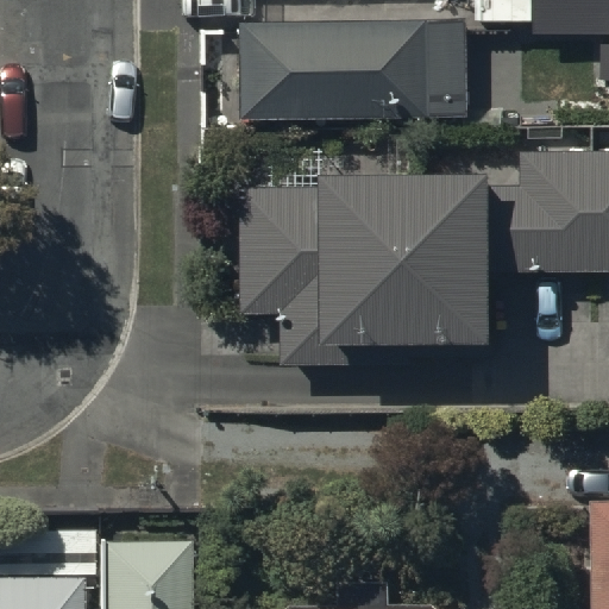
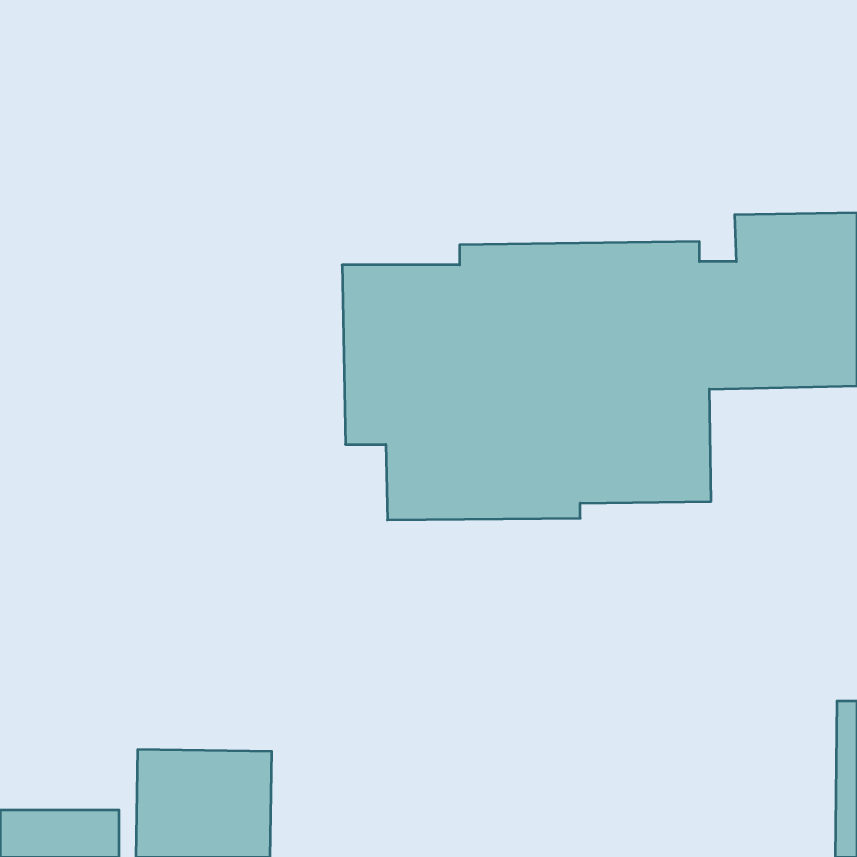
building: [238,19,463,113] -> none

